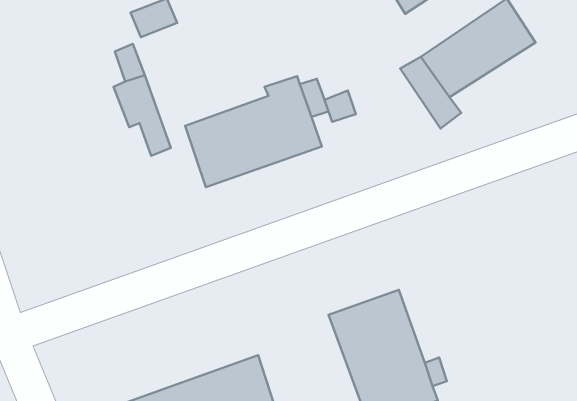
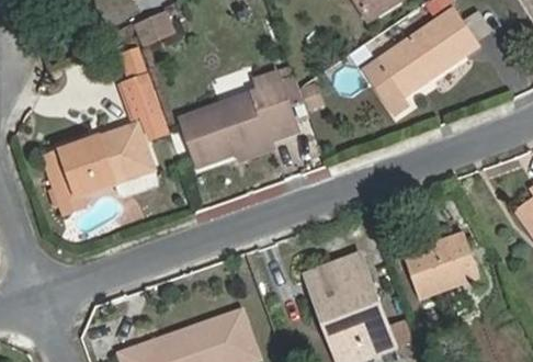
building: none -> [42,123,158,211]
building: none -> [402,231,478,298]

